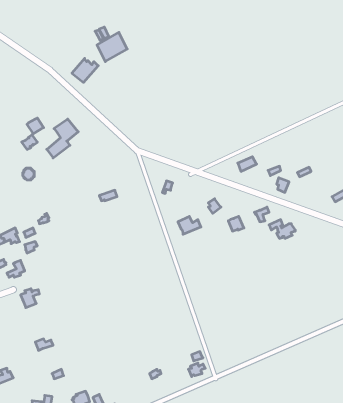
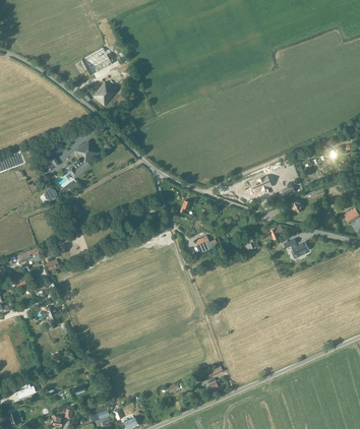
building: [97,32,127,62] -> [81,47,111,75]

